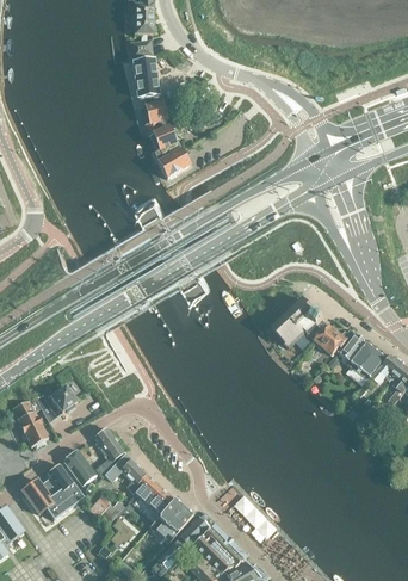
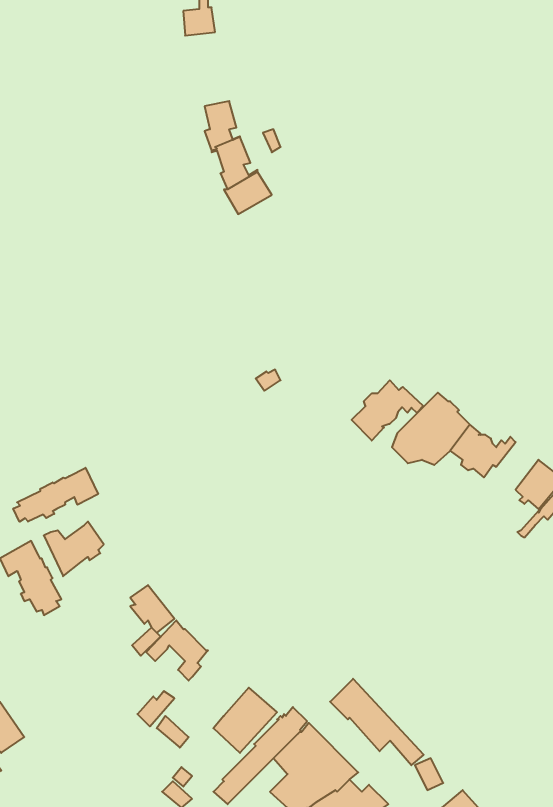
building: [132,60,157,98] -> none
building: none -> [352,380,423,441]
building: [339,332,370,364] -> none
building: none -> [13,468,98,522]
building: [63,449,97,484] -> none
building: [21,463,84,517] -> none
building: [136,474,174,517] -> none

